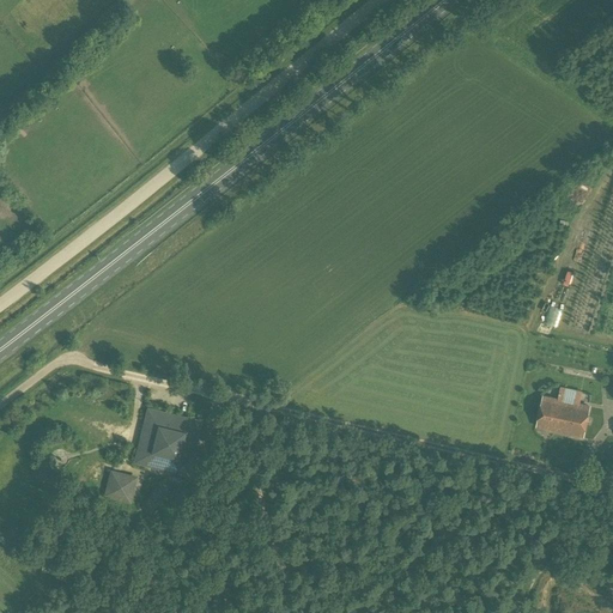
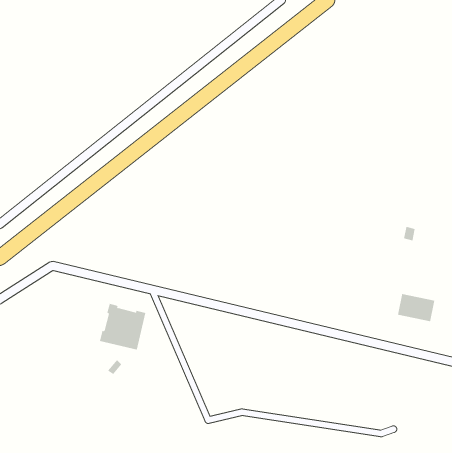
building: [102,469,135,504] -> none

